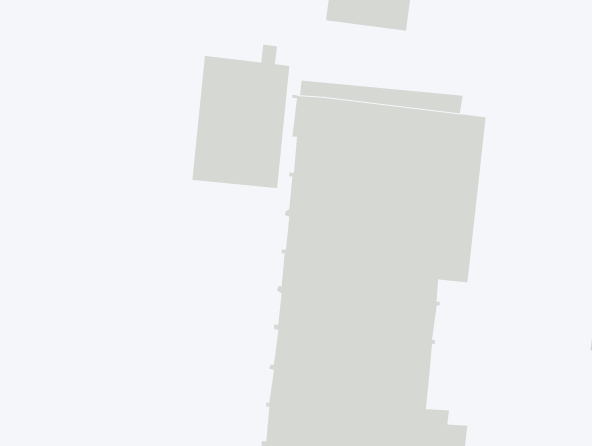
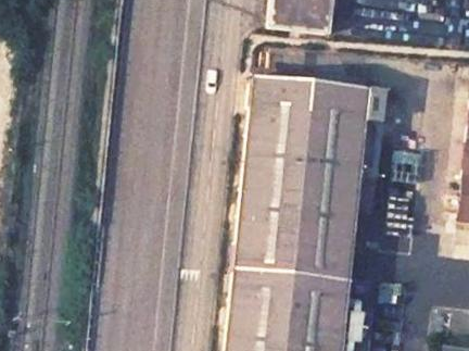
building: [192,44,290,189] -> none

